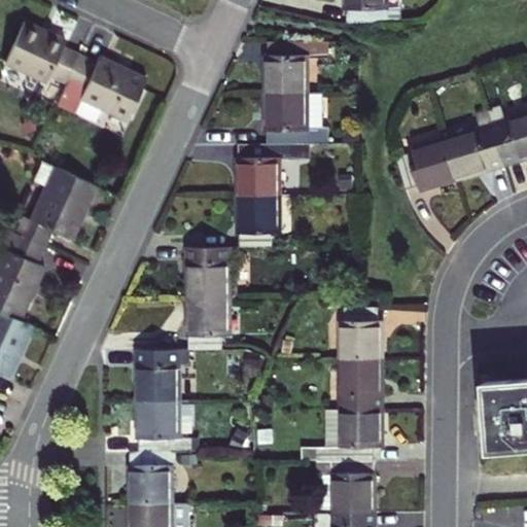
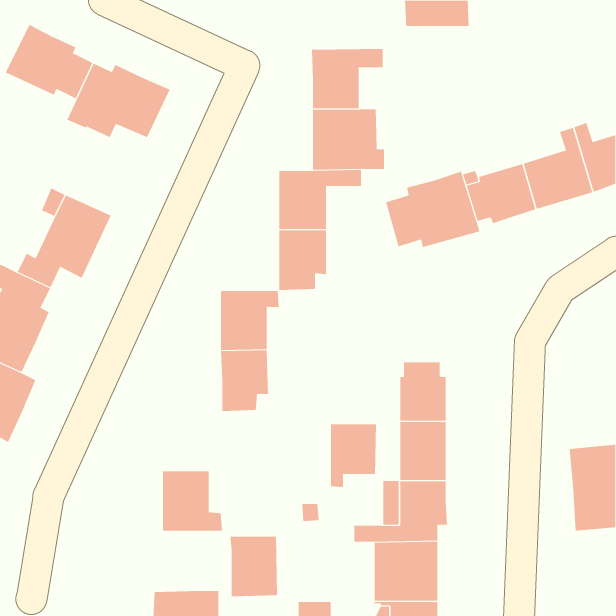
building: none -> [386,171,480,248]
building: [137,352,178,402] -> none
building: none -> [330,424,377,488]
building: [130,454,171,505] -> [230,536,278,597]

